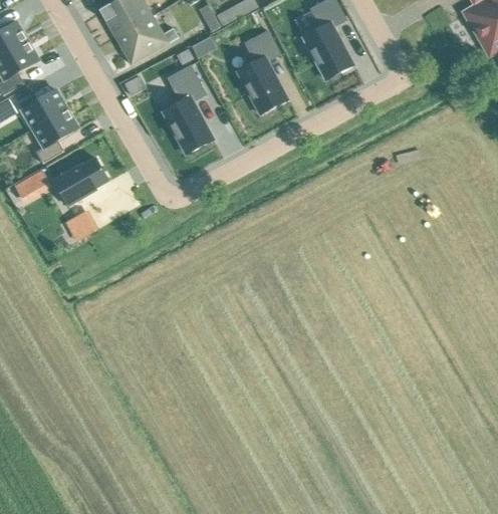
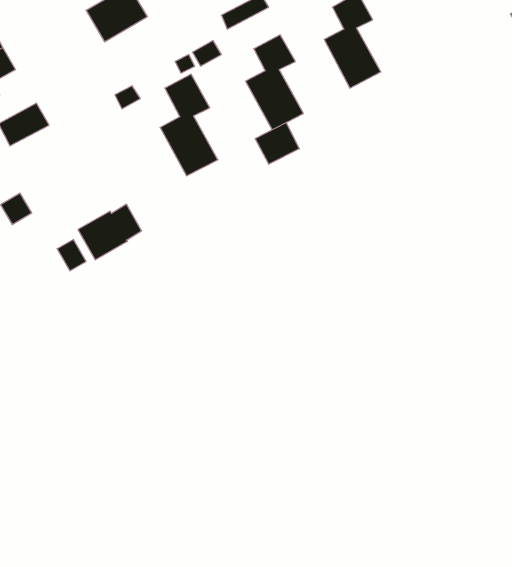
building: [114,15,178,64] -> none
building: none -> [255,122,299,164]
building: [32,109,76,163] -> none
building: [53,158,108,206] -> [78,204,142,260]

